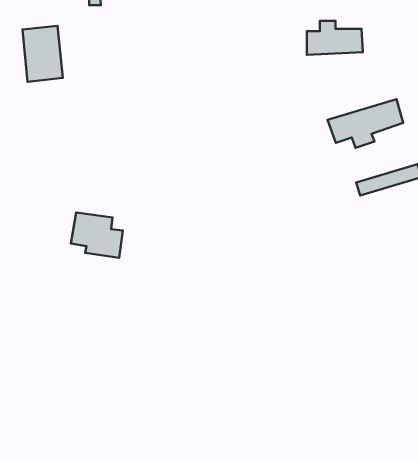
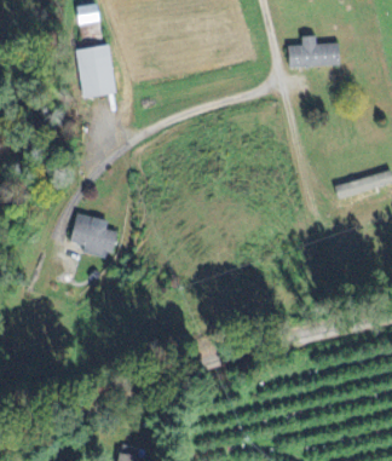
building: [22,26,63,82] -> [76,45,114,97]
building: [328,99,403,148] -> none

